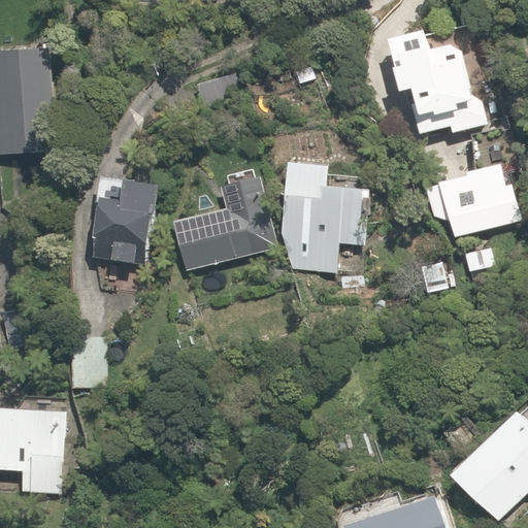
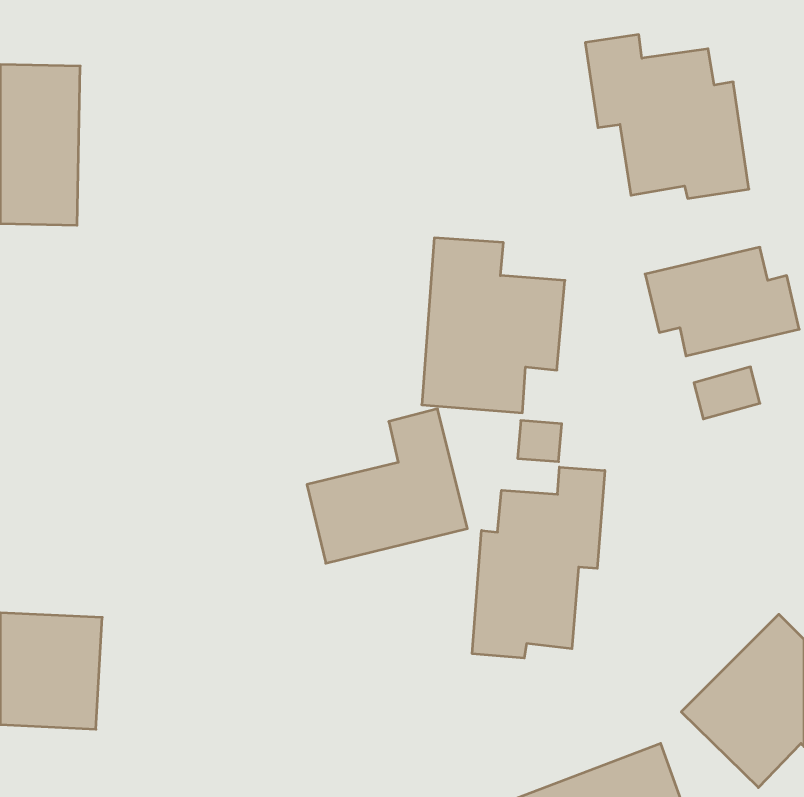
building: [93,171,160,263] -> none
building: [171,175,276,276] -> [307,409,467,563]
building: none -> [472,467,605,658]

